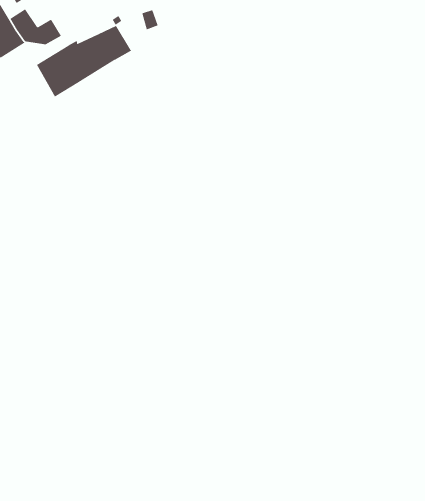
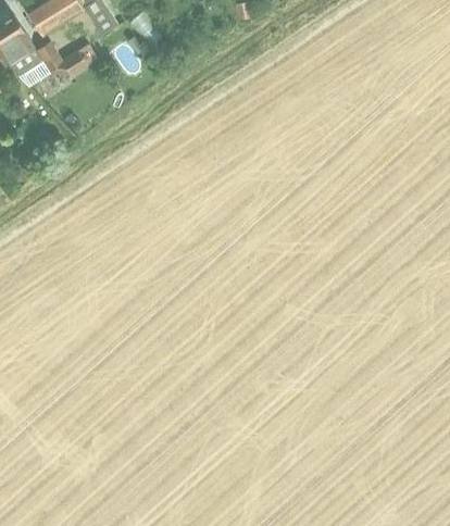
building: [36,25,132,97] -> none

